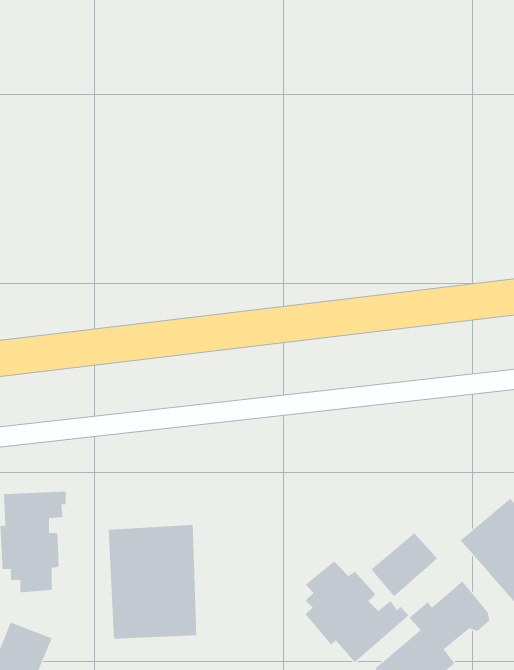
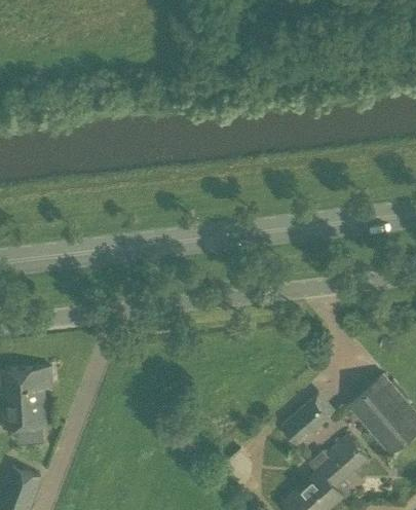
building: [108,524,197,640] -> none
building: [305,561,410,663] -> none

